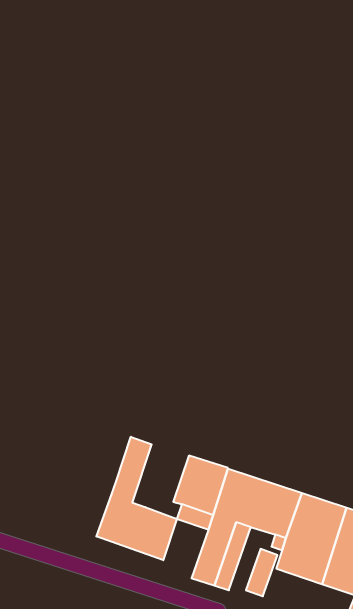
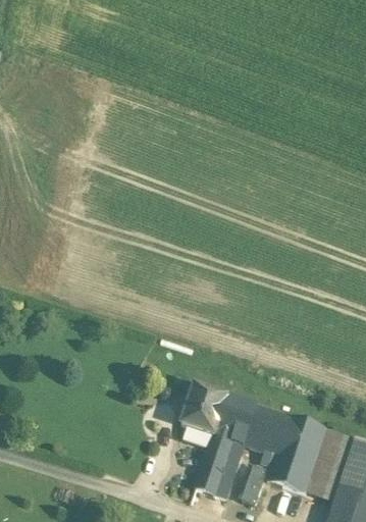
building: [96,437,177,560] -> none

